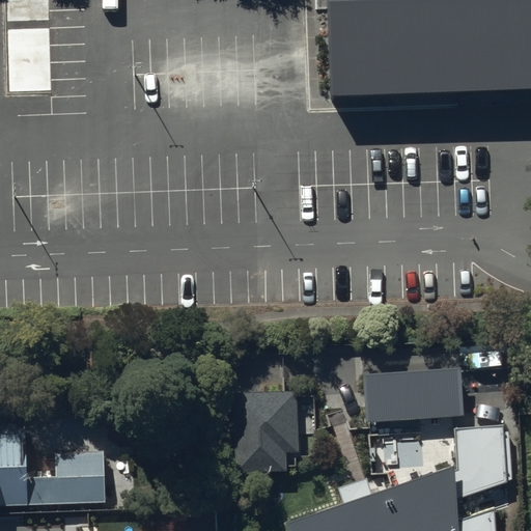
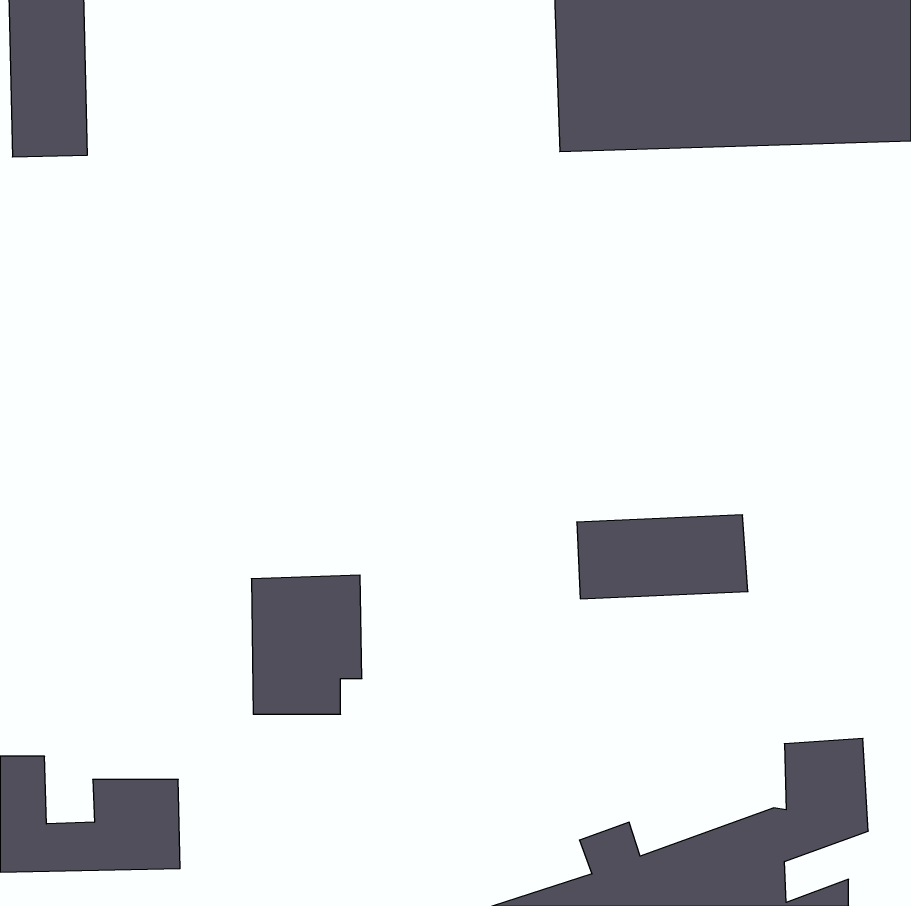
building: [364,373,464,422] -> [577,515,748,599]
building: [233,392,298,473] -> [251,575,362,714]

